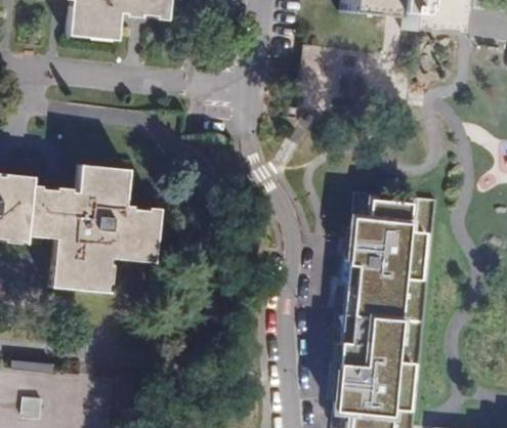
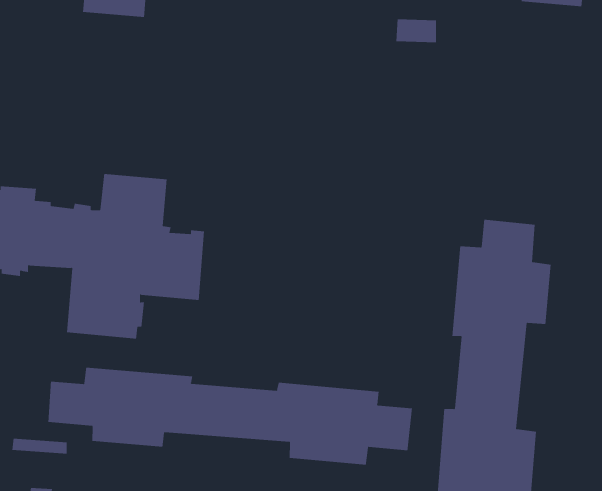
building: none -> [48,367,413,465]

